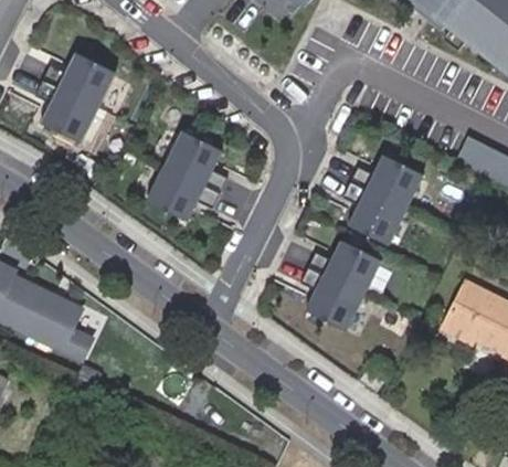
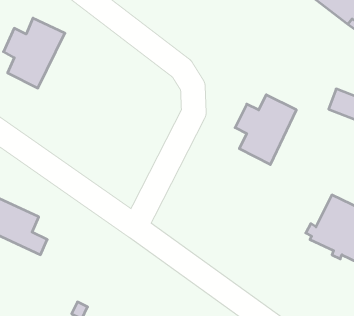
building: [146,128,226,220] -> none
building: [299,237,380,329] -> none

